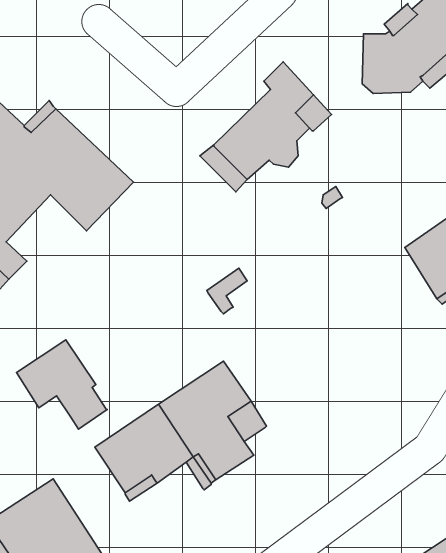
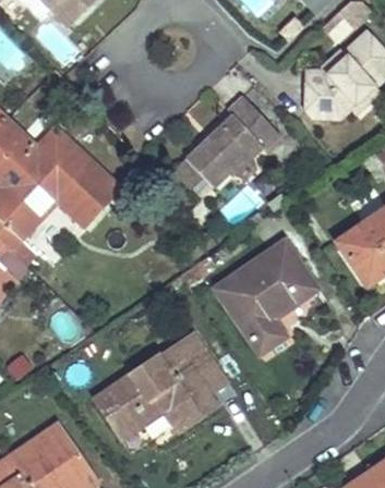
building: none -> [216,241,315,351]
building: [16,340,107,429] -> none

